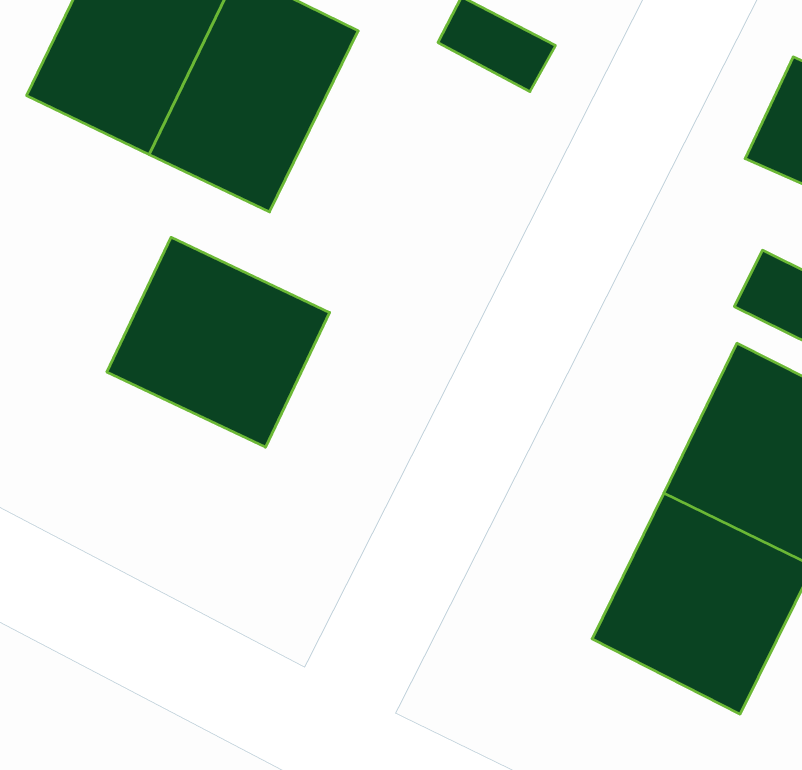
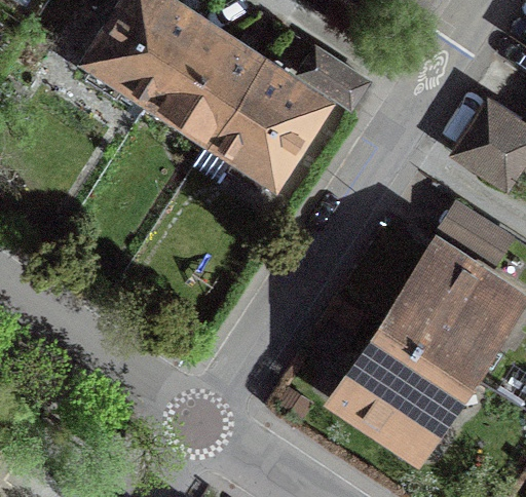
building: none -> [203,58,324,187]
building: [107,237,330,447] -> none

